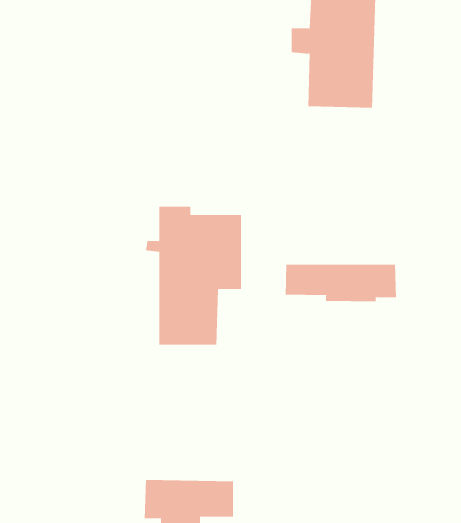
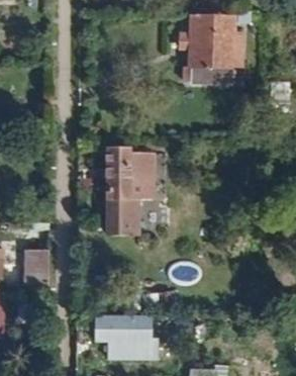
building: [285,264,397,302] -> none
building: none -> [25,249,46,290]

